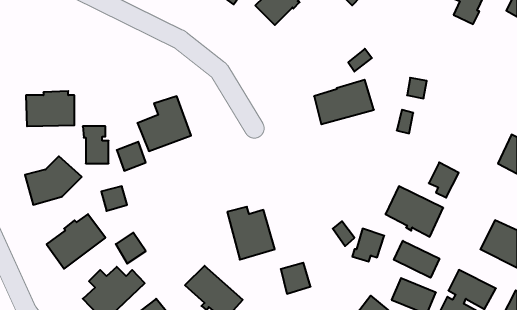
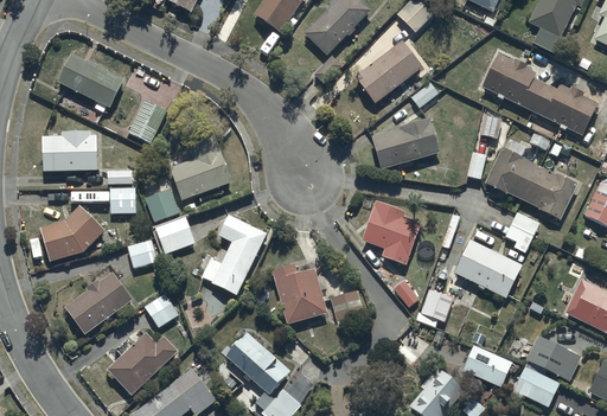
building: none -> [356,39,422,102]
building: none -> [481,52,596,135]
building: none -> [58,53,123,107]
building: none -> [127,98,166,143]
building: none -> [485,132,577,219]
building: none -> [362,199,421,264]
building: none -> [202,213,267,295]
building: none -> [155,215,196,254]
building: [394,241,439,278] -> none
building: [281,263,311,294] -> [331,290,365,326]

